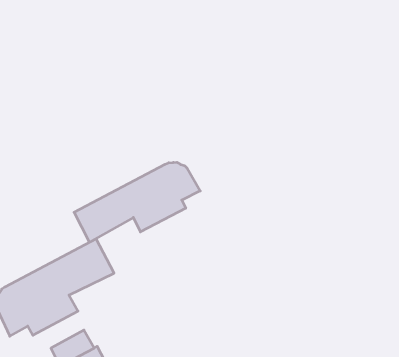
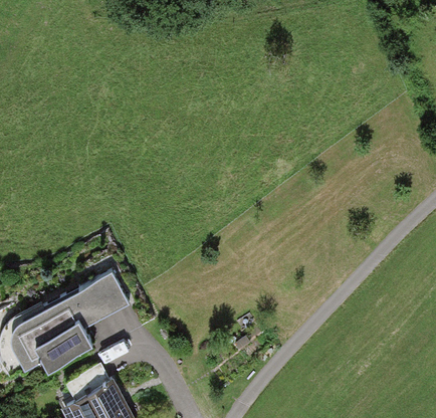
building: [74,162,200,242] -> none

